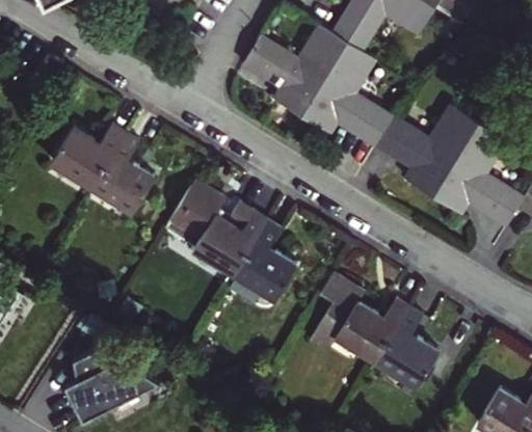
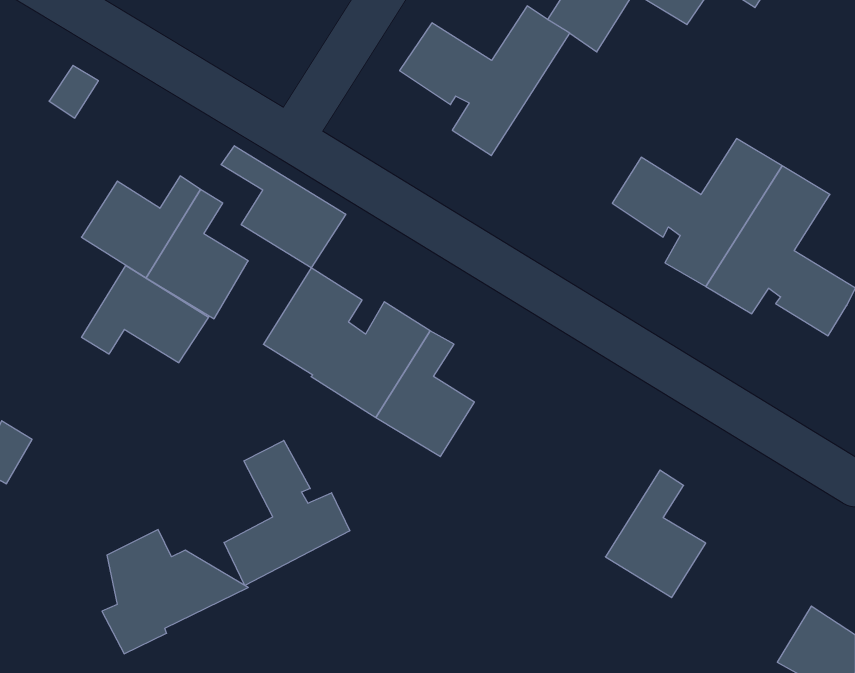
building: [300,39,392,143] -> none
building: none -> [221,146,346,268]
building: none -> [82,265,209,363]
building: [307,276,403,359] -> none
building: none -> [224,440,350,585]

